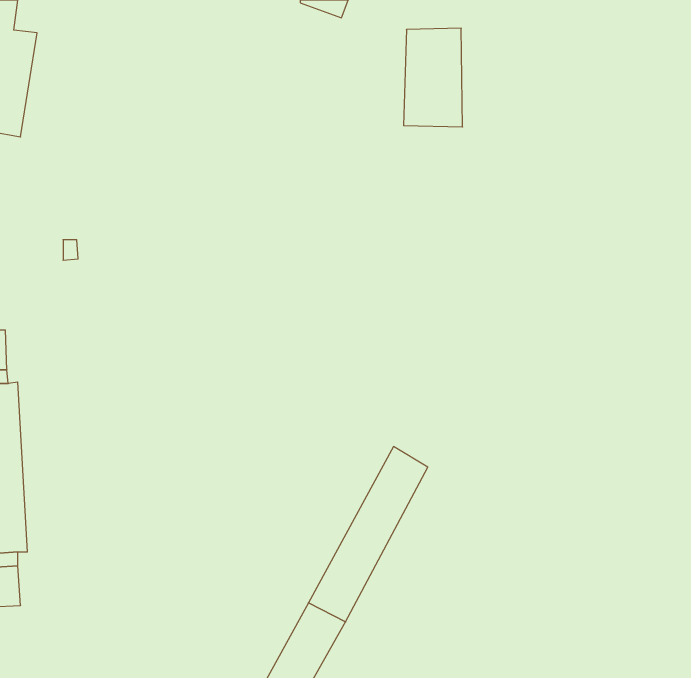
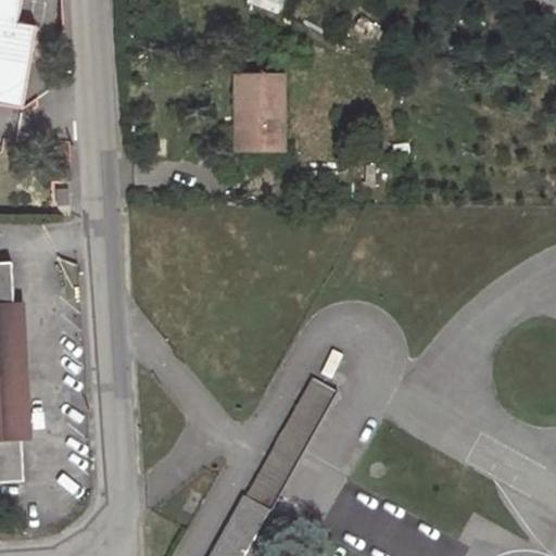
building: [404,28,463,127] -> [239,65,286,143]

